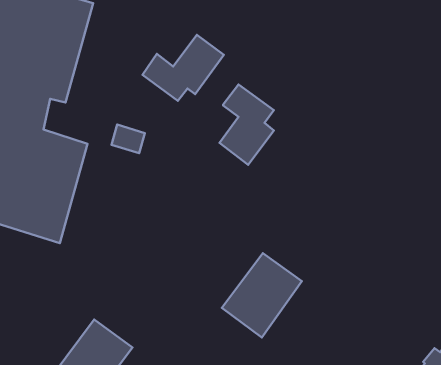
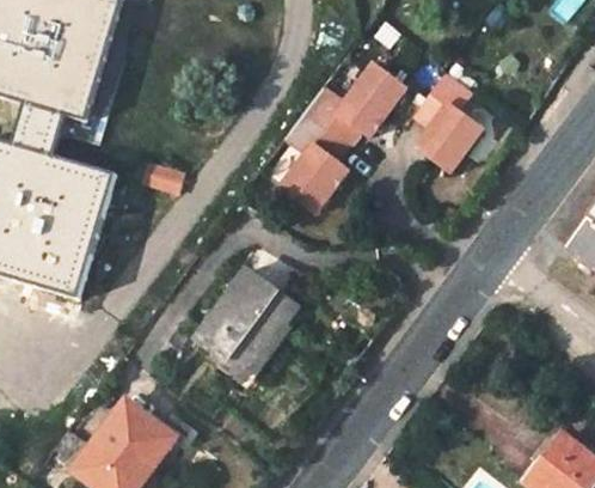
building: [142,35,224,101] -> [303,59,405,141]
building: none -> [412,77,483,171]
building: [222,253,302,337] -> [194,266,294,371]

